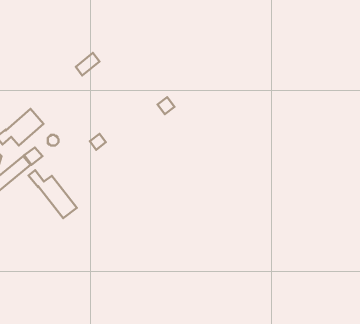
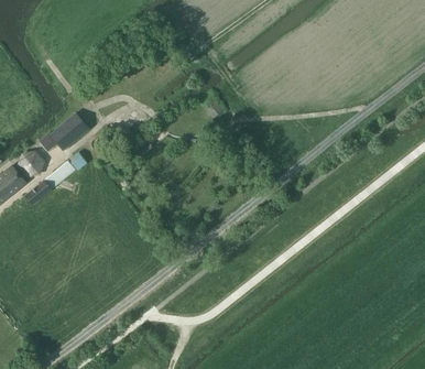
building: [28,170,77,218] -> none

